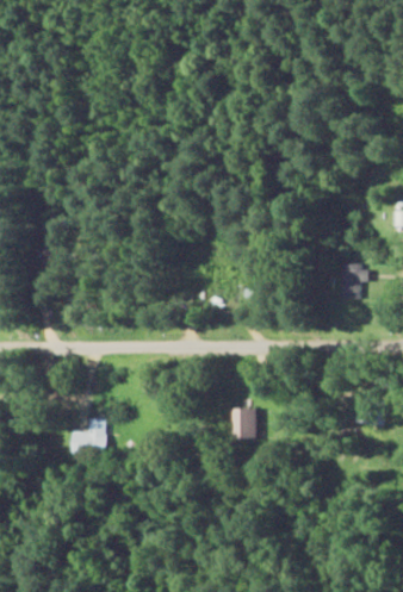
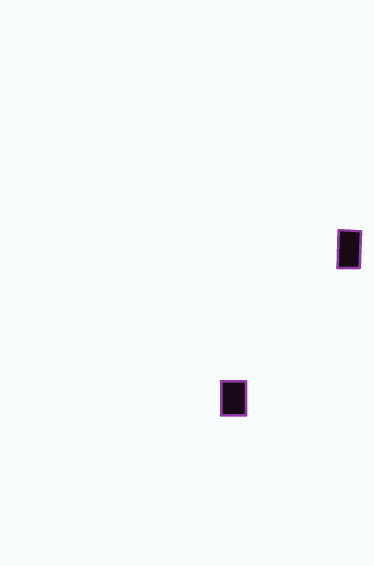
building: [73,418,107,454] -> none

